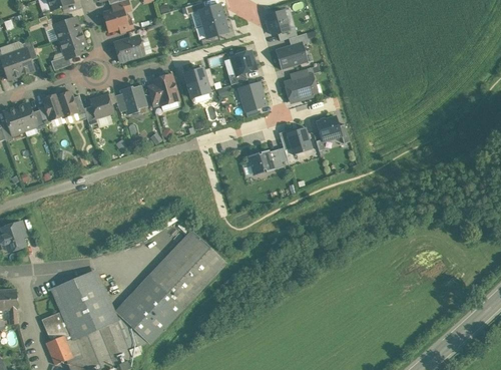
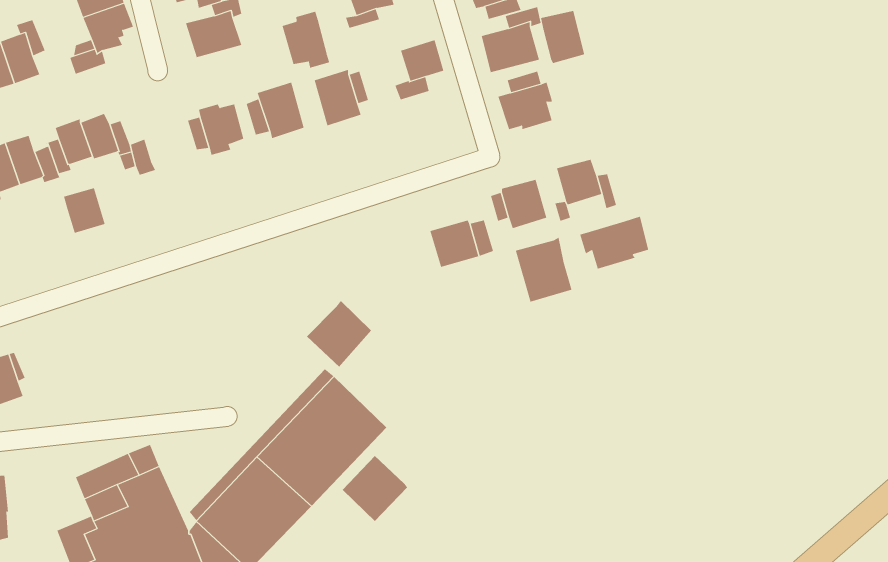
building: none -> [540,10,585,64]
building: none -> [282,11,330,69]
building: [237,82,266,111] -> none
building: [89,93,112,118] -> [63,187,105,233]
building: none -> [580,216,649,270]
building: none -> [515,237,572,303]
building: none -> [306,300,372,368]
building: none -> [342,455,408,522]

